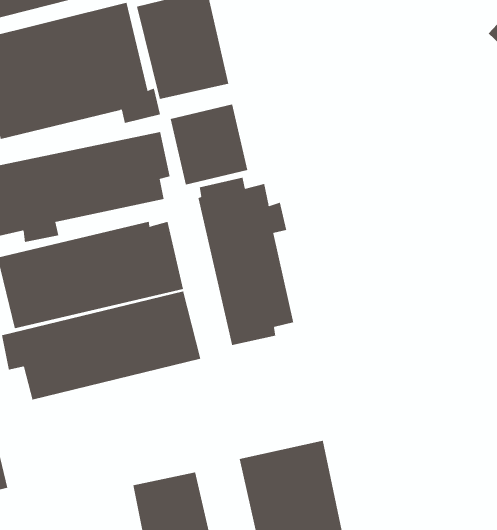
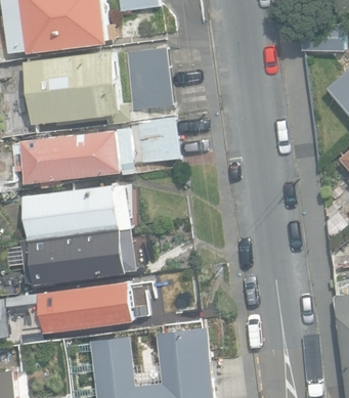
building: [198,177,294,346] -> none
building: none -> [28,279,134,339]

